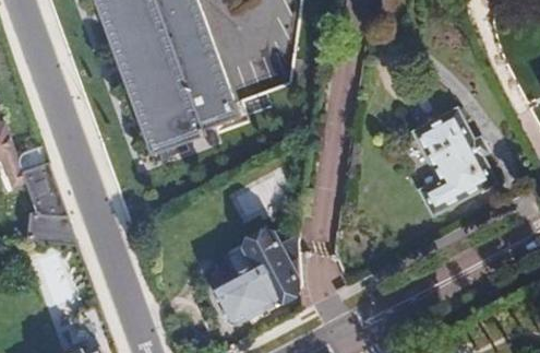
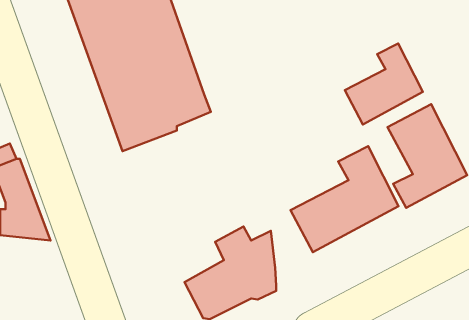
building: none -> [345,44,423,124]
building: none -> [291,146,399,252]

